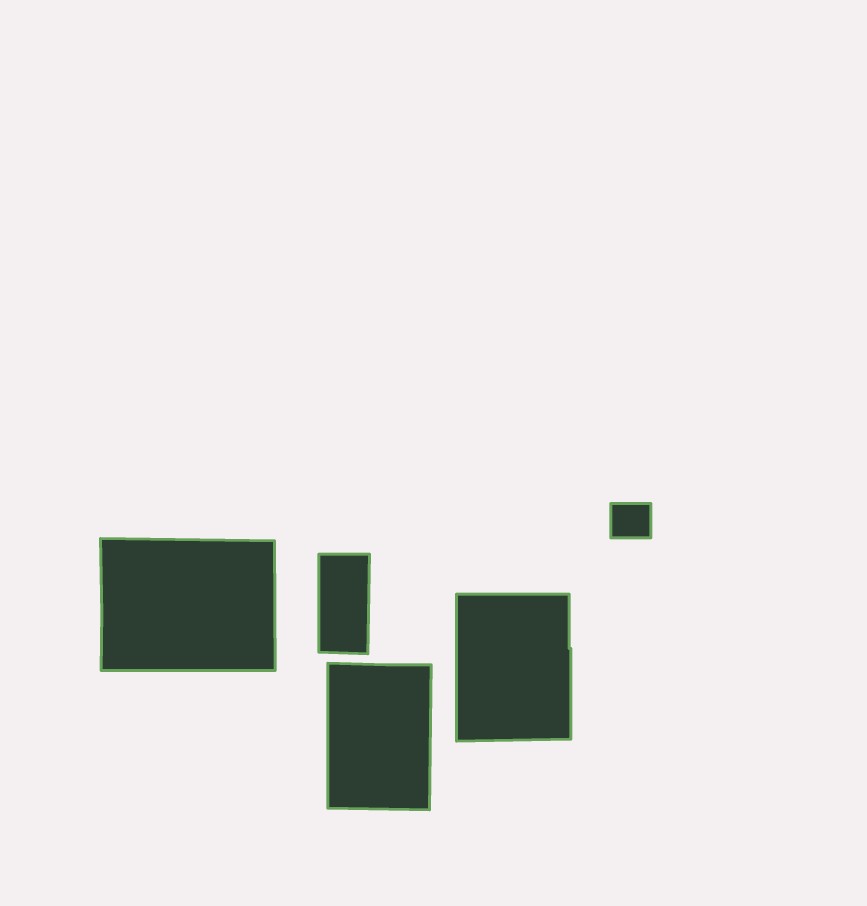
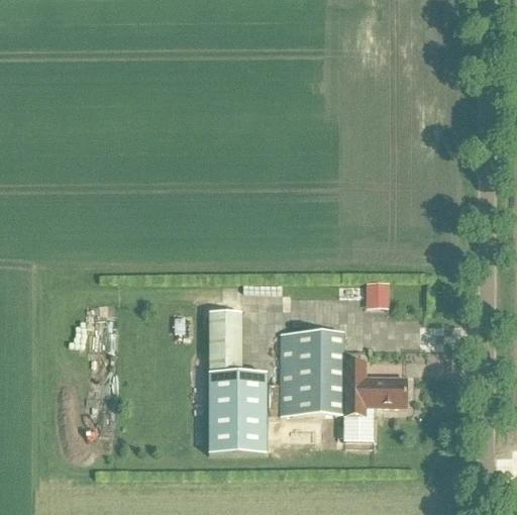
building: [101,538,275,670] -> none
building: none -> [344,360,407,438]

